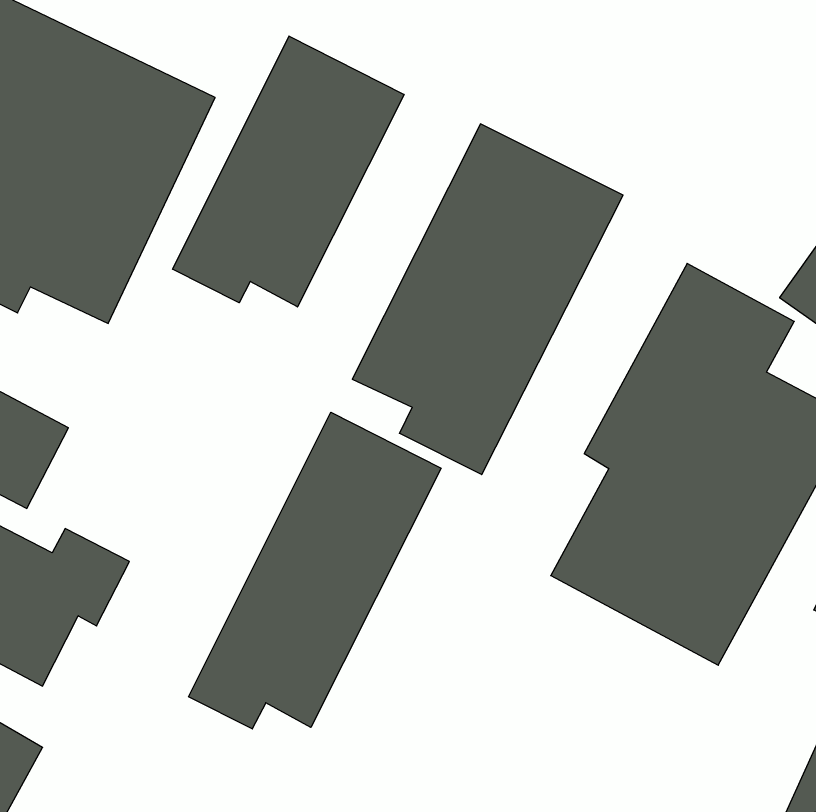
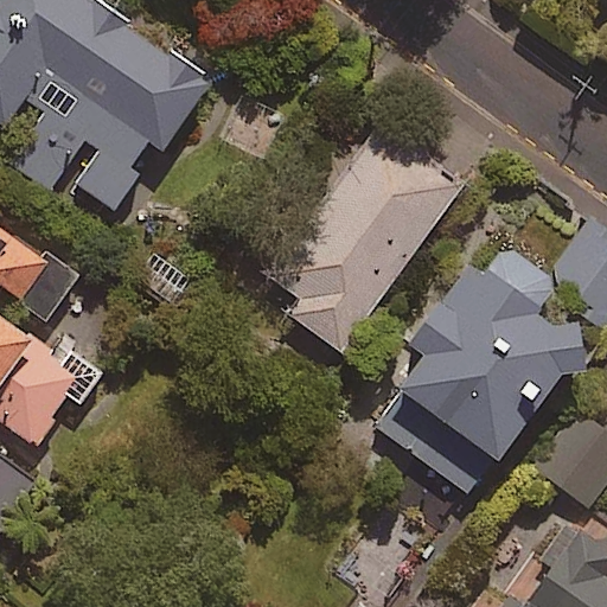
building: [173,36,404,307] -> none
building: [189,412,441,729] -> none

